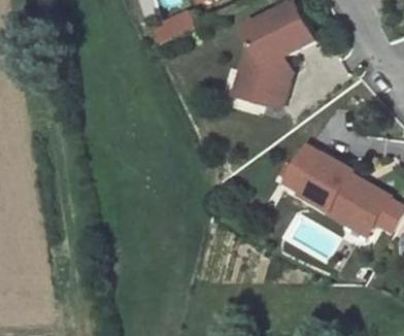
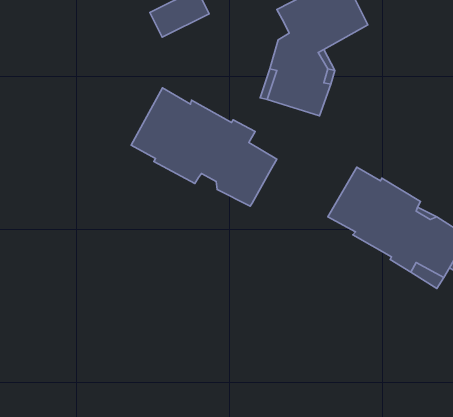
building: none -> [131,88,277,206]

